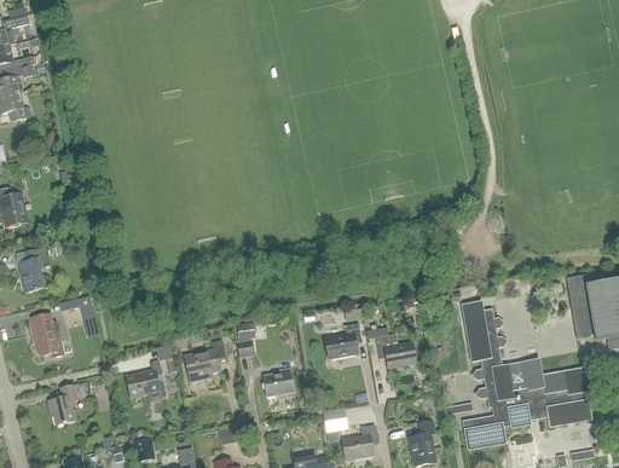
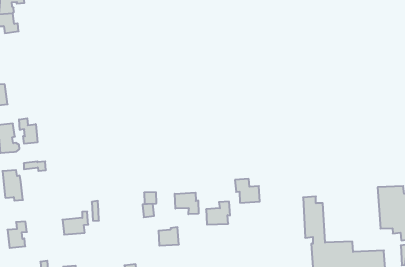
building: none -> [19,118,37,144]
building: none -> [175,193,198,214]
building: [375,333,413,368] -> [235,179,260,203]
building: [183,339,225,382] -> none

